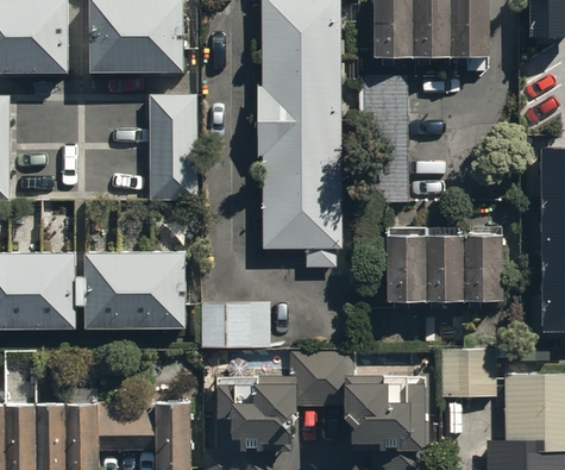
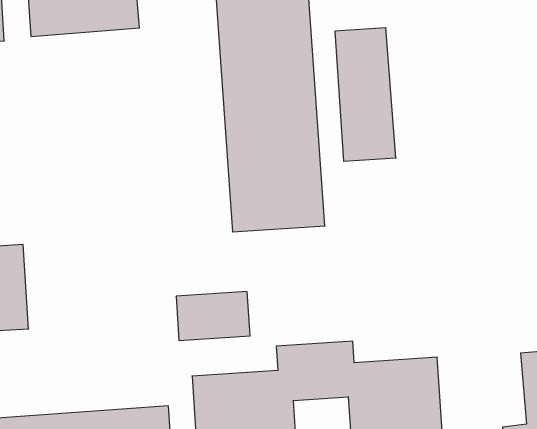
building: [150,98,199,194] -> none
building: [396,231,506,302] -> none
building: [81,252,184,327] -> none
building: [440,350,494,400] -> none

